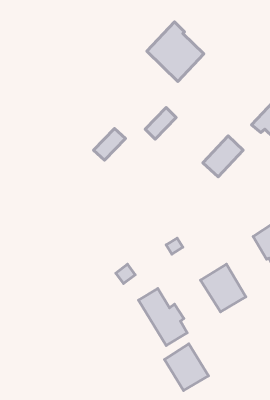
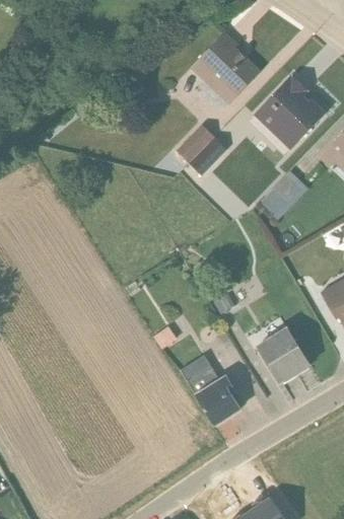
building: none -> [254,74,326,149]
building: [94,128,125,160] -> [176,124,214,162]
building: [165,344,209,390] -> none

